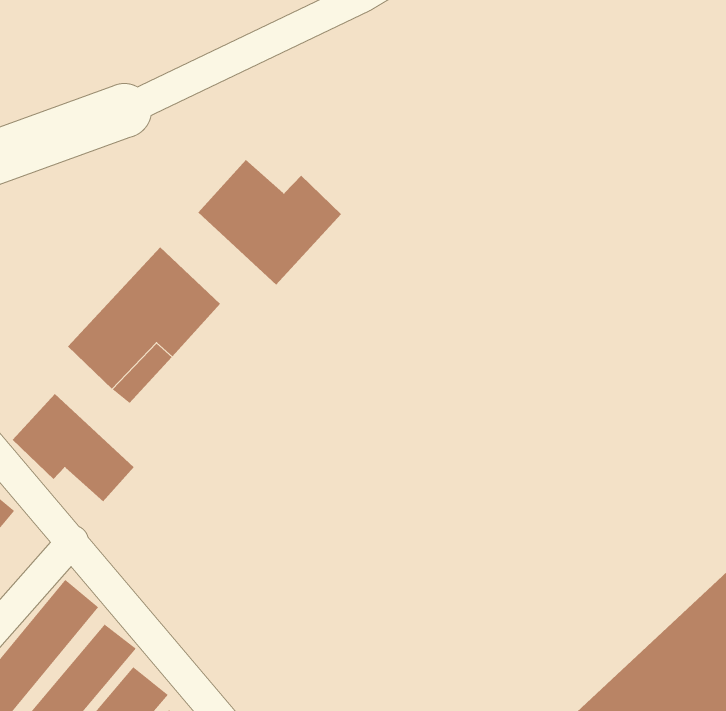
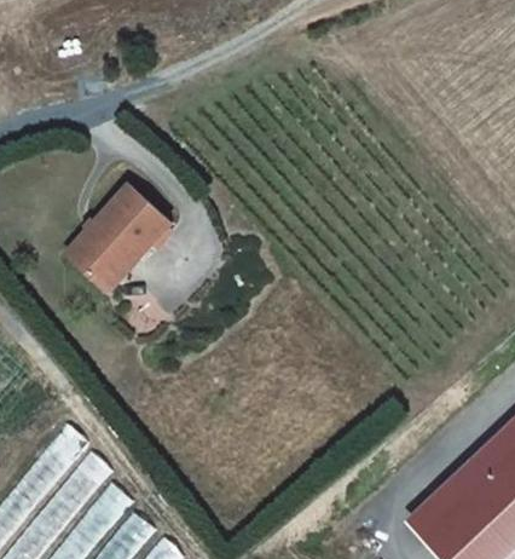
building: [197,159,342,286] -> none
building: [12,393,135,502] -> none

